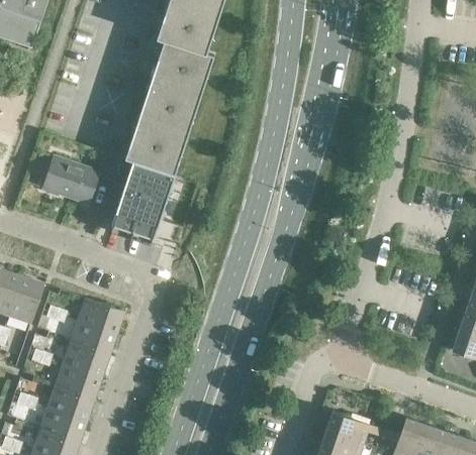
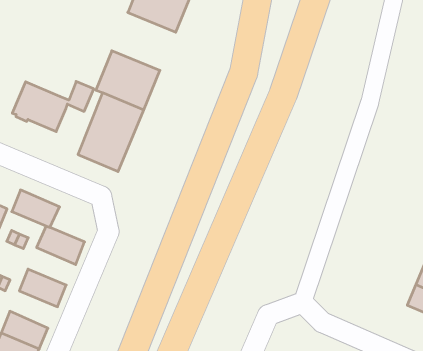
building: [137,79,200,134] -> none
building: [70,320,117,355] -> [12,190,60,227]
building: [55,364,102,400] -> none

